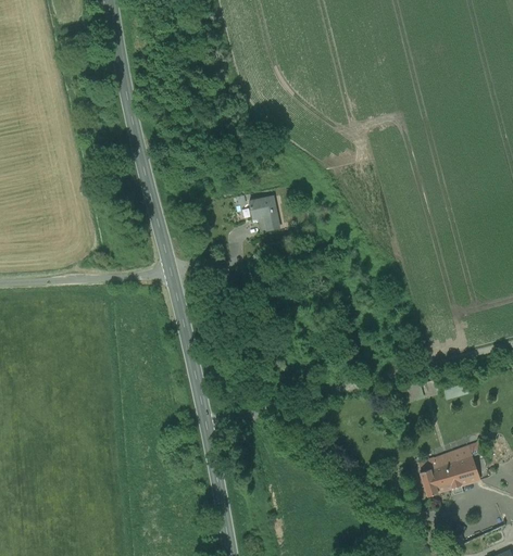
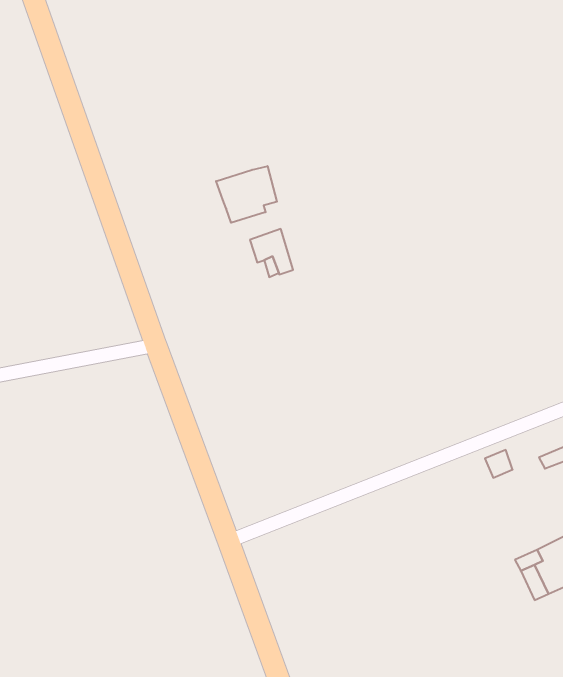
building: none -> [216,166,277,223]

